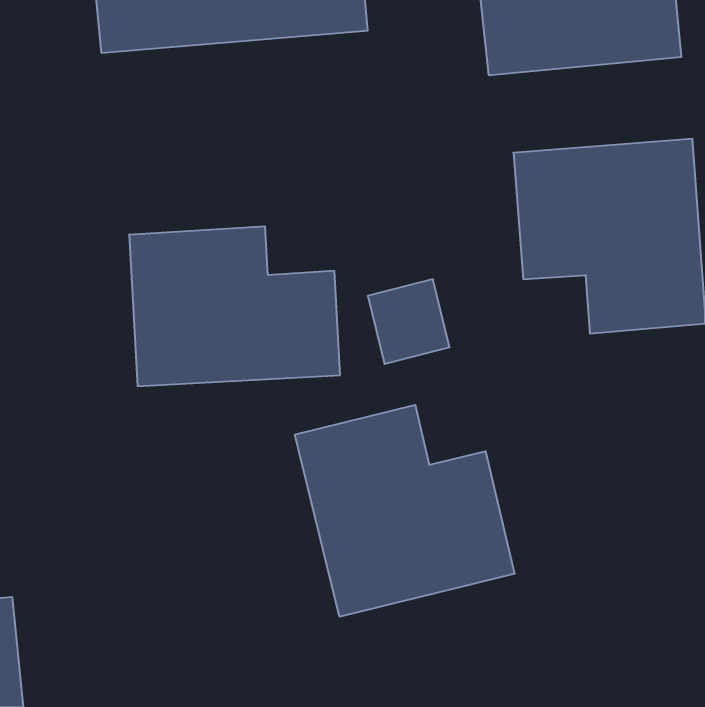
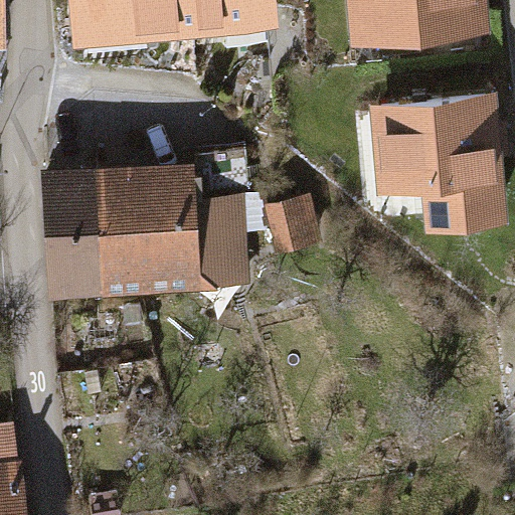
building: none -> [40,170,100,283]
building: [295,405,514,617] -> none

